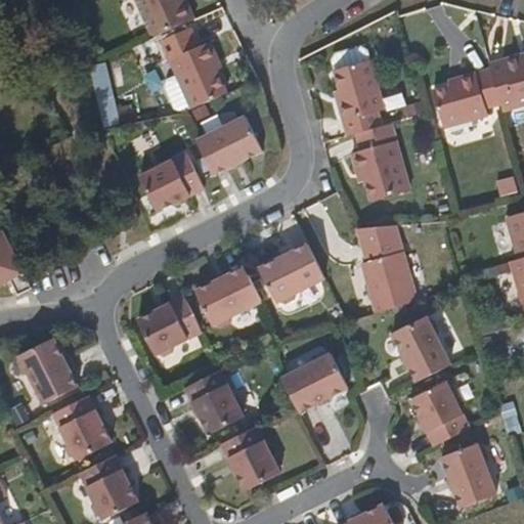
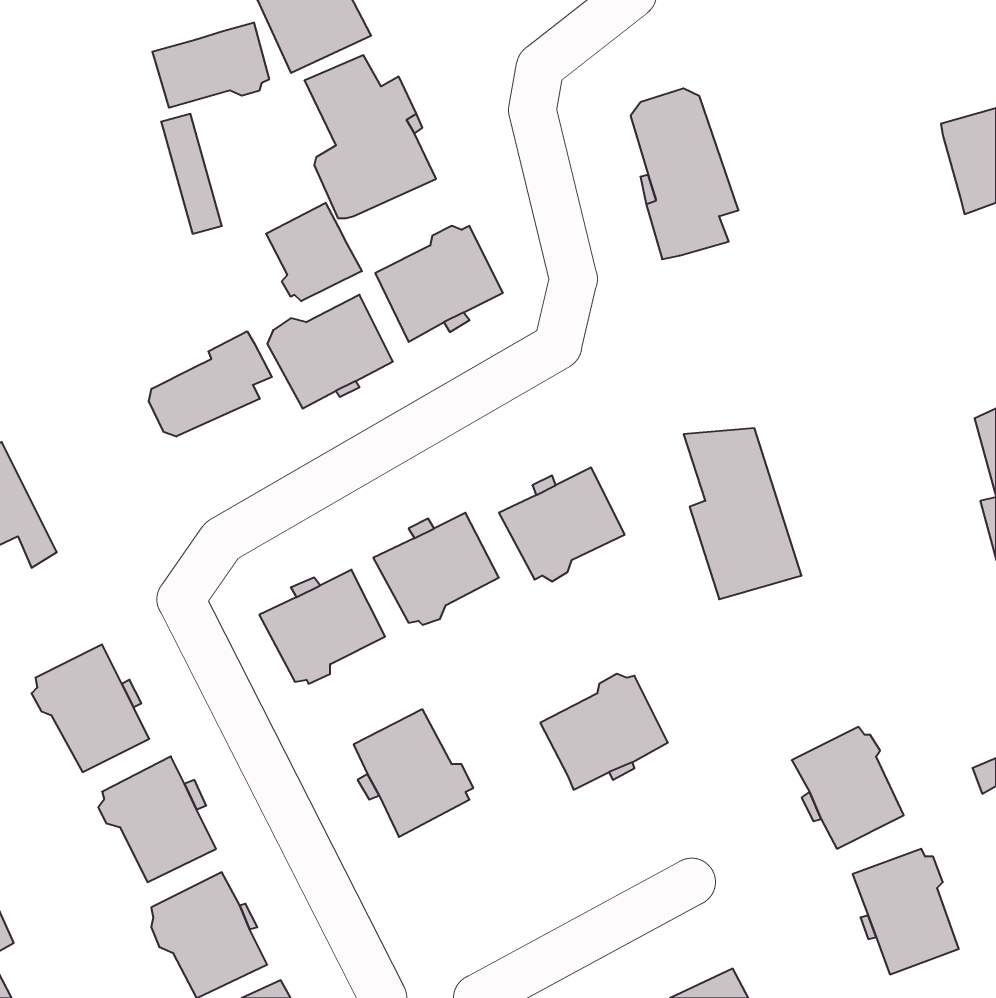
building: none -> [152,22,269,108]
building: [432,71,500,129] -> none
building: none -> [266,203,362,301]
building: [350,123,409,202] -> none
building: none -> [149,331,272,437]
building: [392,313,451,380] -> none
building: [221,424,282,490] -> none

